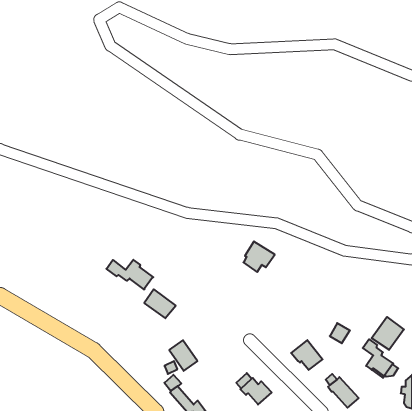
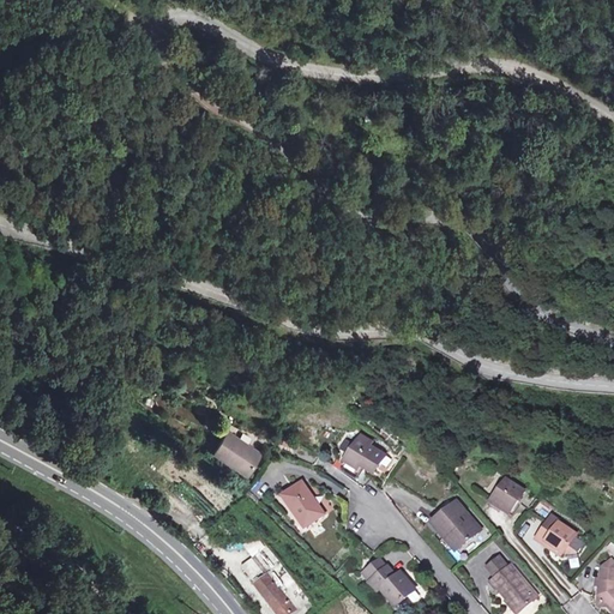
building: [243,241,275,272] -> [339,427,386,472]
building: [106,260,153,290] -> none
building: [372,317,404,350] -> none
building: [169,340,197,371] -> [288,484,330,530]

